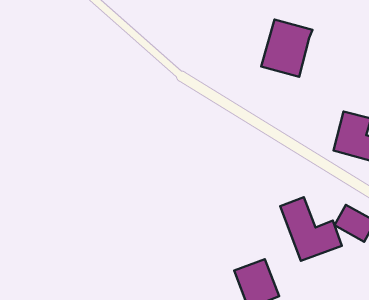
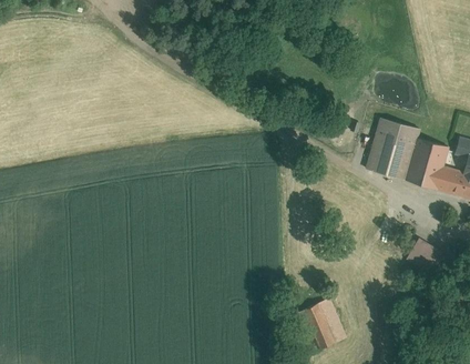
building: [261,19,312,77] -> [365,119,420,181]
building: [280,197,342,261] -> none

